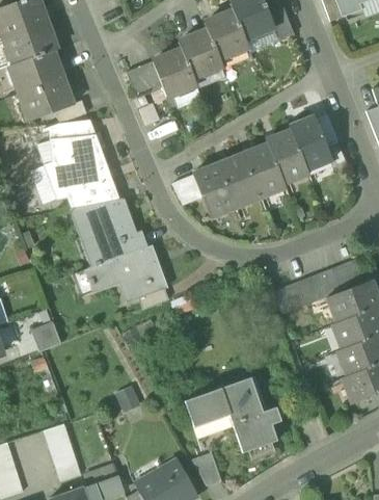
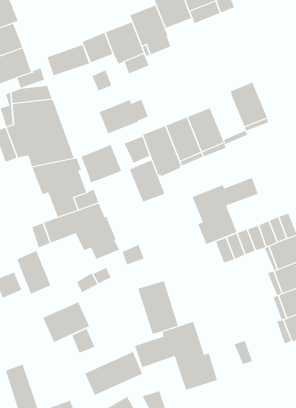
building: none -> [47,44,90,76]
building: [267,129,306,178] -> none
building: none -> [99,99,149,134]
building: none -> [81,144,122,183]
building: none -> [129,160,165,203]
building: none -> [192,177,258,245]
building: none -> [17,250,51,294]
building: none -> [138,280,178,335]
building: none -> [43,301,90,343]
building: none -> [85,351,143,396]

